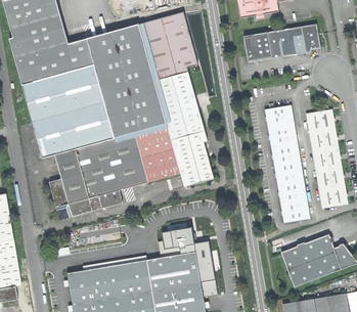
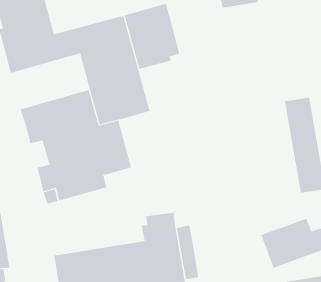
building: [242,24,320,61] -> none
building: [21,63,103,121] -> none
building: [134,71,213,186] -> none
building: [265,104,309,222] -> none

